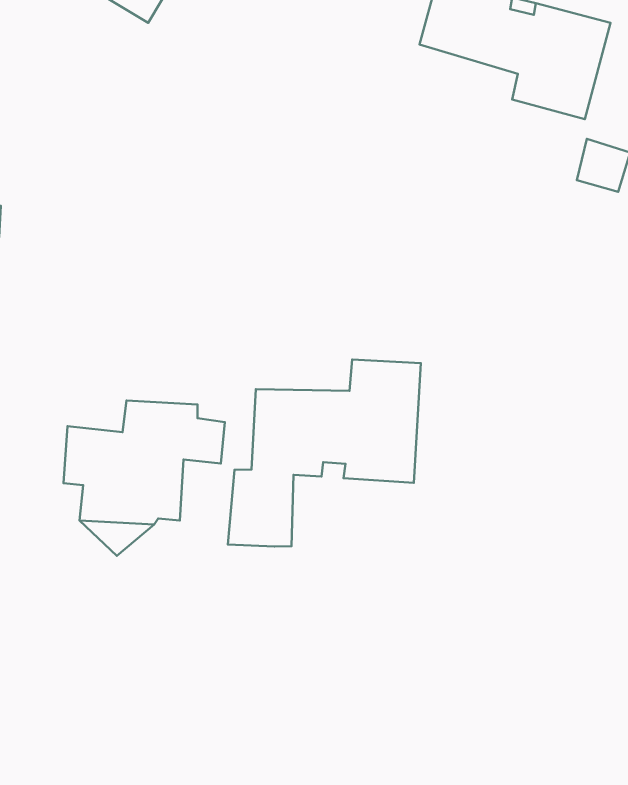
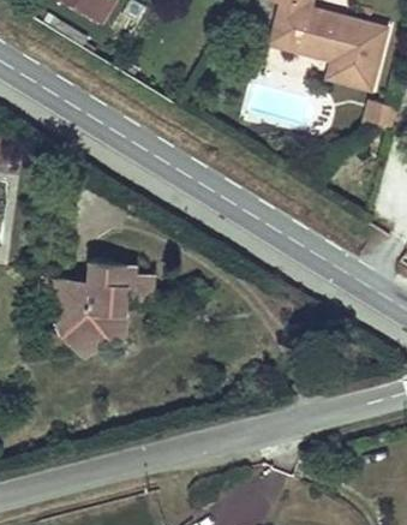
building: [228,360,421,547] -> none

